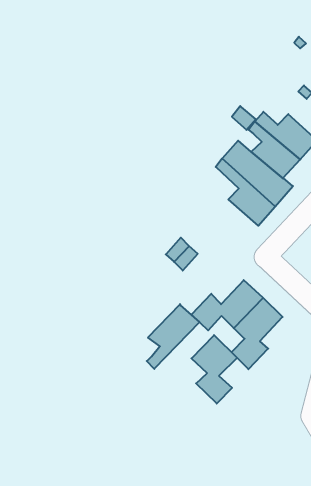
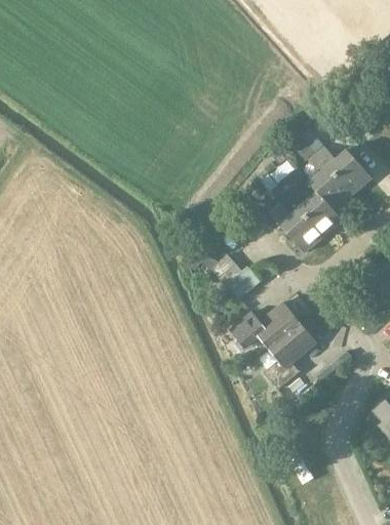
building: [147,304,199,369] -> none
building: [191,335,237,404] -> none

